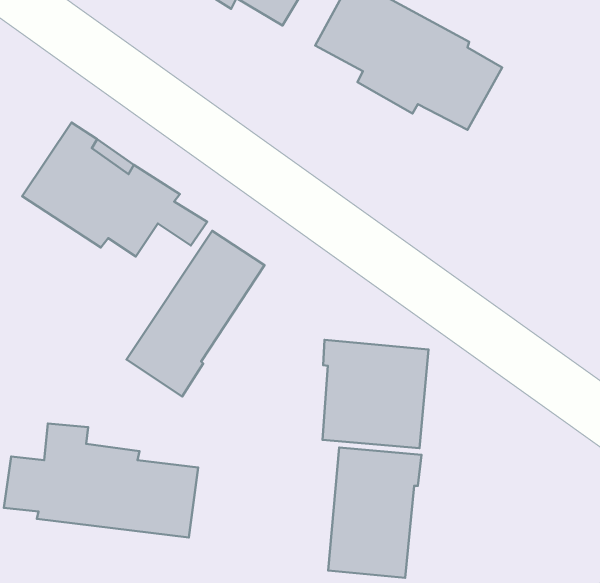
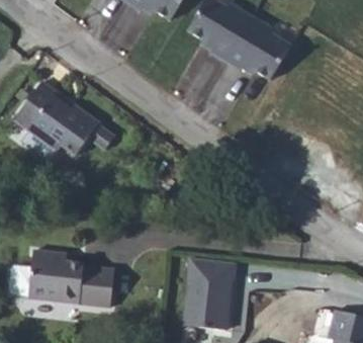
building: [127,231,264,397] -> none
building: [322,340,428,448] -> none

